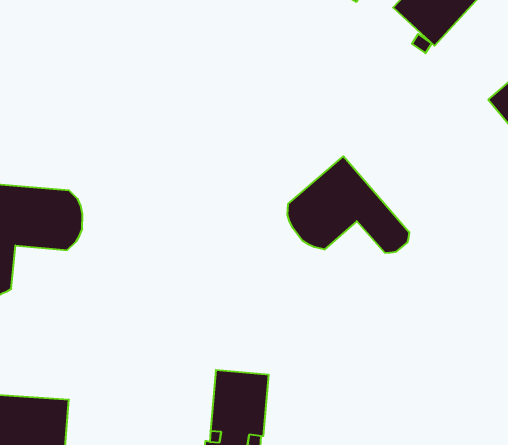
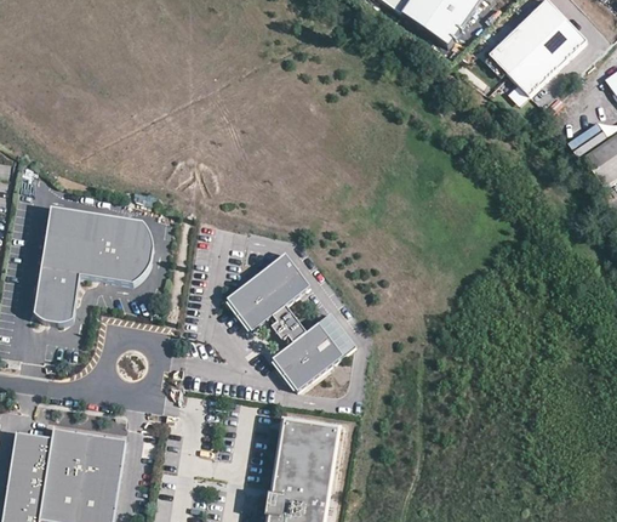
building: [288,156,409,253] -> none
building: none -> [227,253,355,391]

